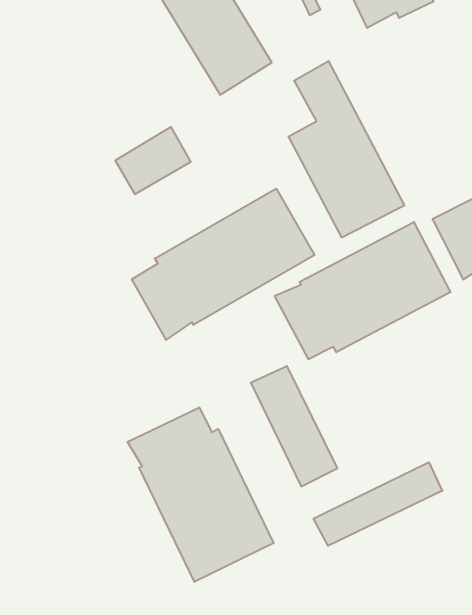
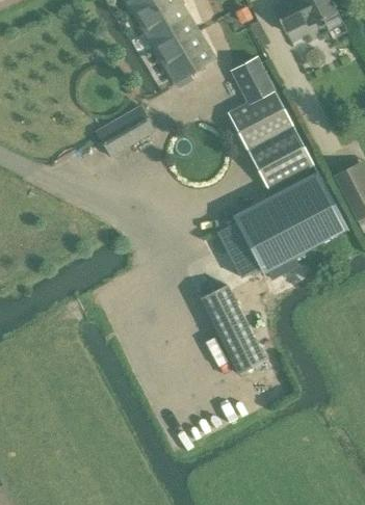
building: [132,189,315,340] -> none
building: [127,407,274,582] -> none
building: [314,462,442,546] -> none

